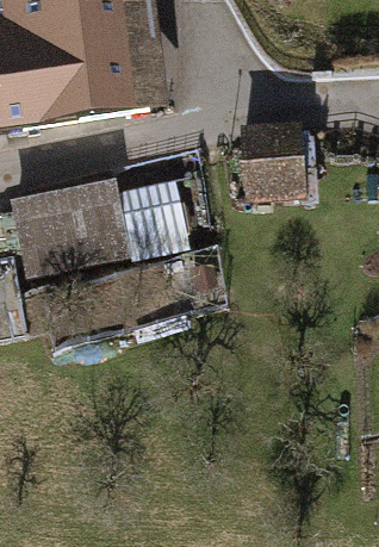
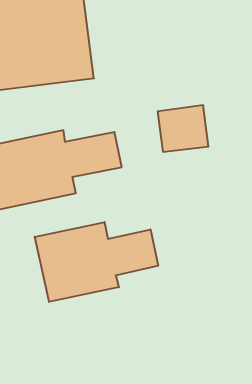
building: none -> [35,222,158,302]

